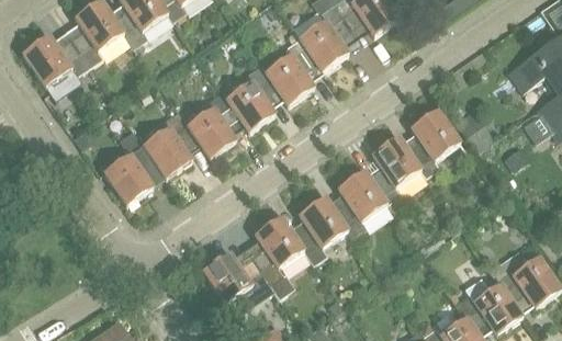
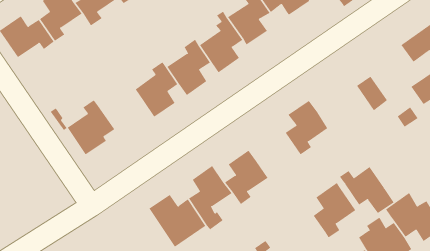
building: [143,110,195,178] -> none
building: [408,110,461,178] -> none
building: [335,170,387,238] -> [313,182,356,238]
building: none -> [339,166,394,214]

